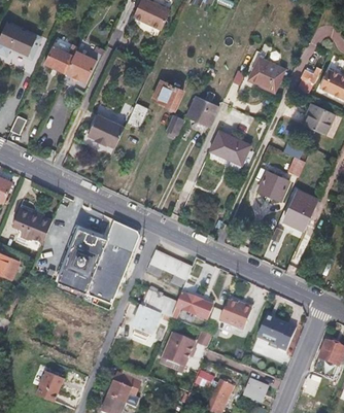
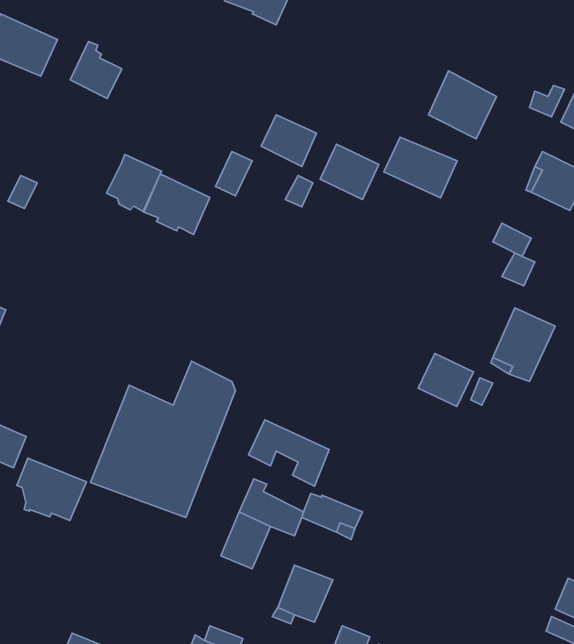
building: [66,49,97,81] -> [106,155,161,212]
building: [208,132,249,166] -> [384,137,457,198]
building: [257,169,288,199] -> [418,353,473,407]
building: [14,206,54,241] -> [17,458,86,520]
building: [214,300,249,332] -> none
building: [257,315,295,351] -> none

